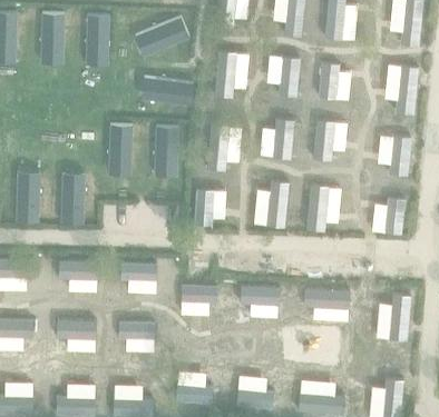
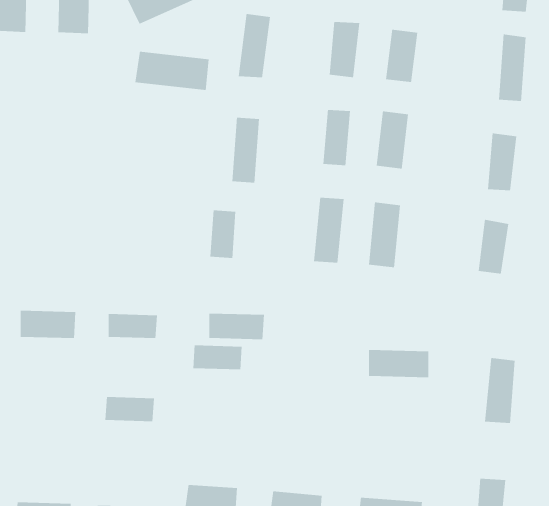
building: [108,123,134,175] -> none
building: [154,126,178,175] -> none
building: [60,171,85,221] -> none
building: [240,286,280,305] -> [208,313,265,340]
building: [56,320,96,339] -> none

